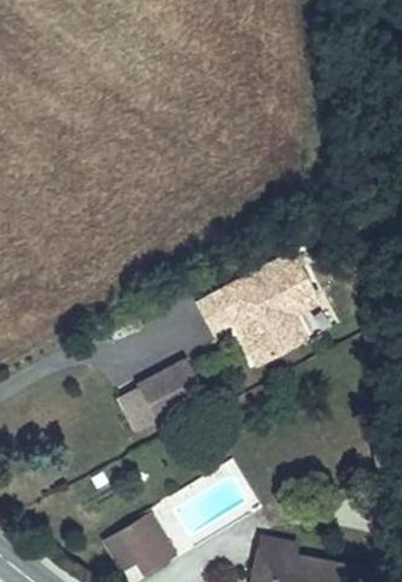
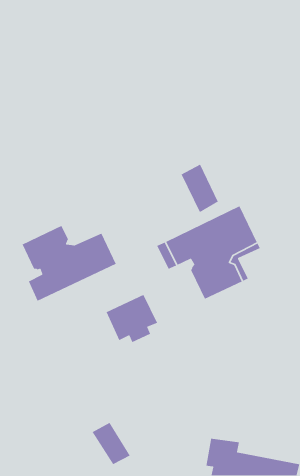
building: none -> [181,163,219,213]
building: none -> [21,225,117,302]

